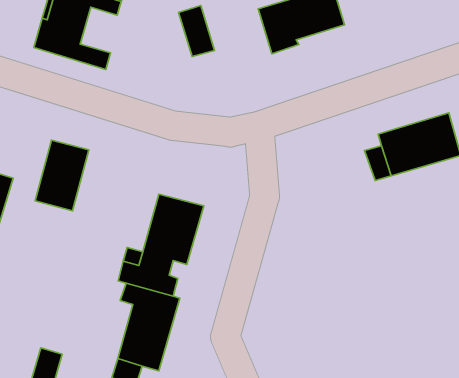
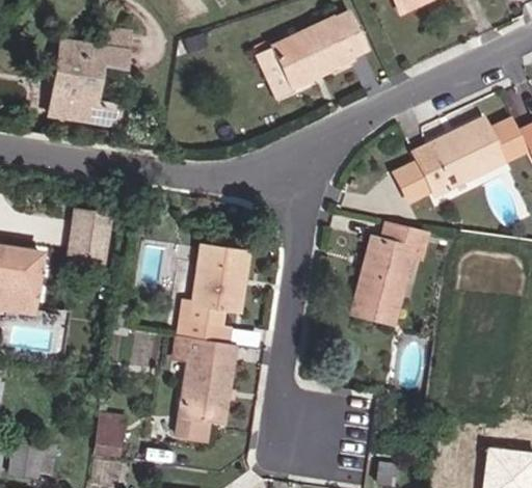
building: [179,6,215,56] -> [248,44,291,97]
building: none -> [360,219,425,314]

